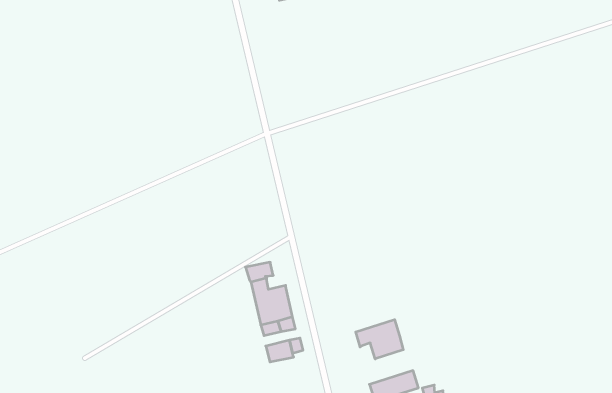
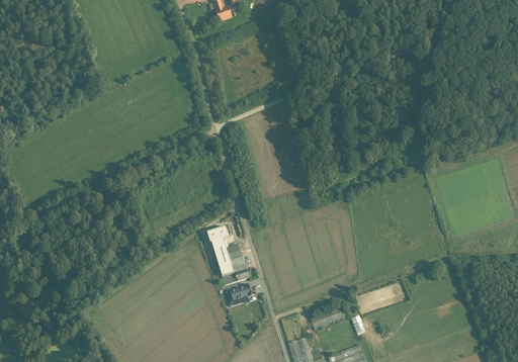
building: [356,320,403,359] -> none

